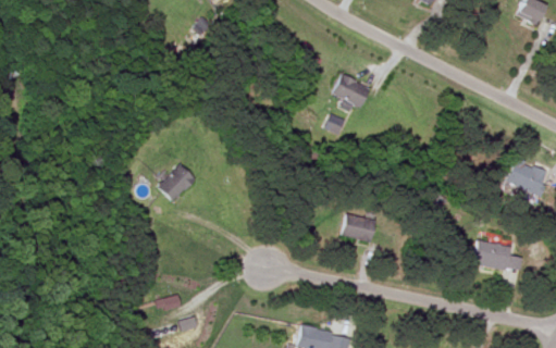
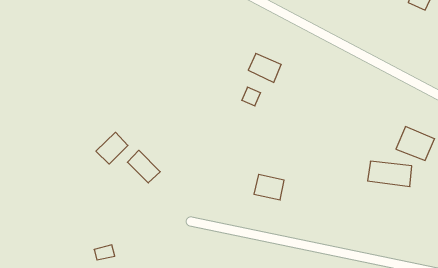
building: none -> [127,150,160,183]
building: [472,243,523,272] -> [368,161,412,187]

